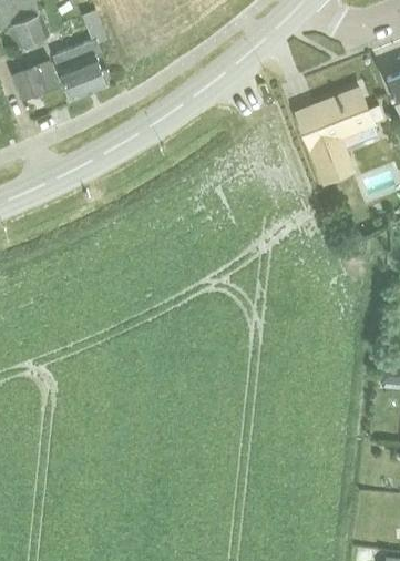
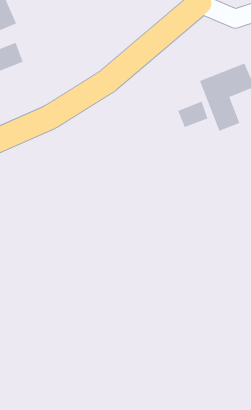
building: [54,39,110,99] -> none
building: none -> [177,101,208,128]

